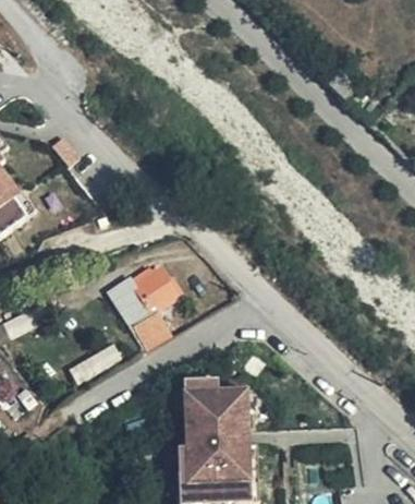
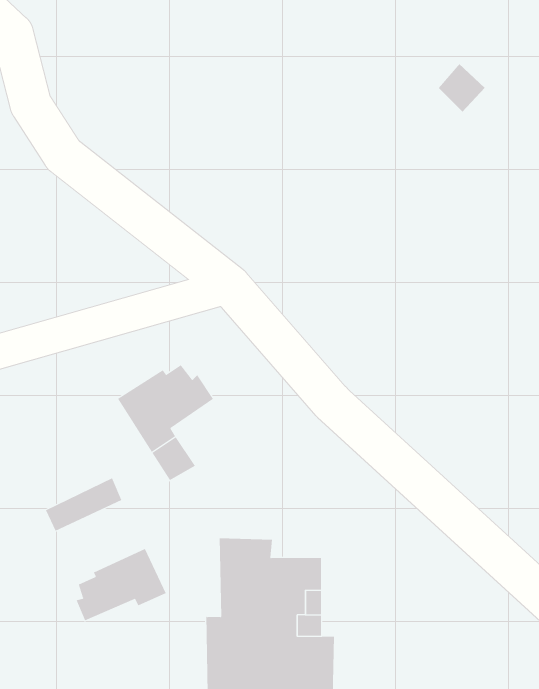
building: none -> [76,548,166,621]

